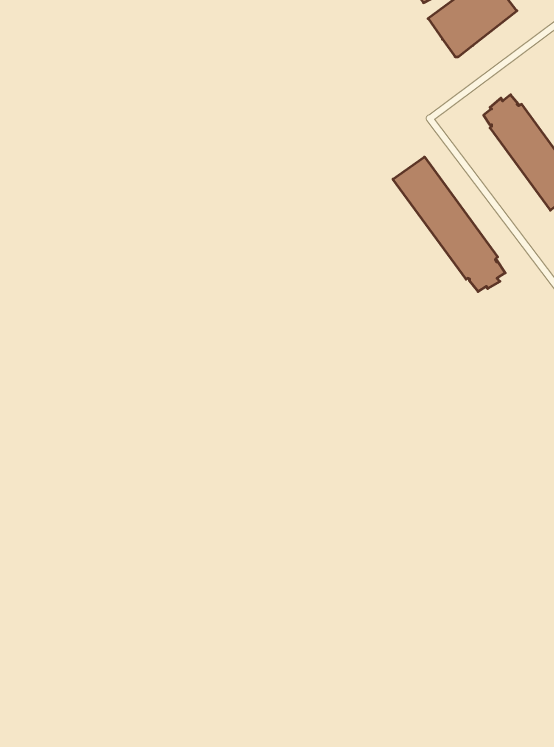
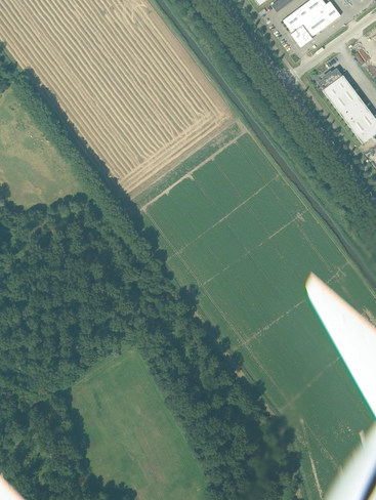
building: [393,157,505,292] -> none

